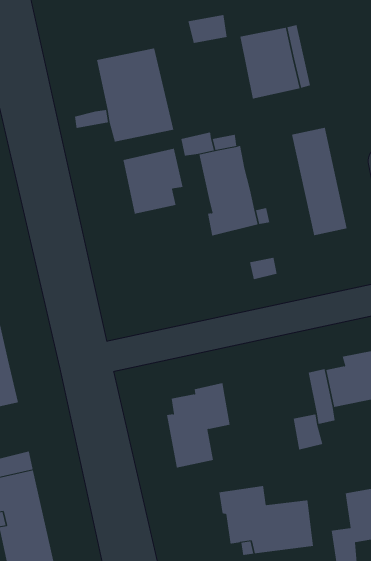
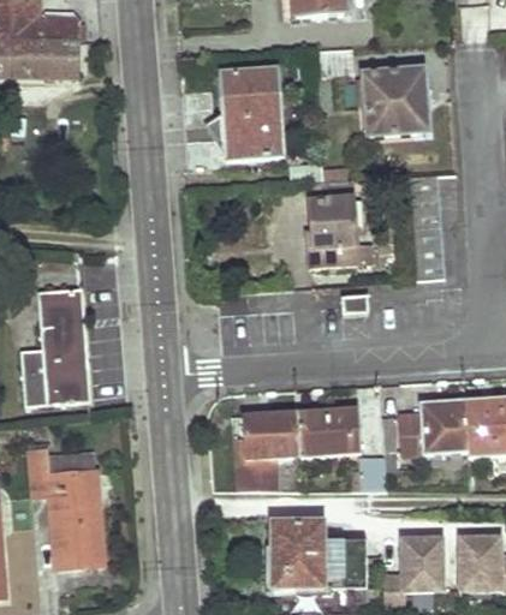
building: [123,148,183,214] -> none
building: none -> [297,407,358,454]

